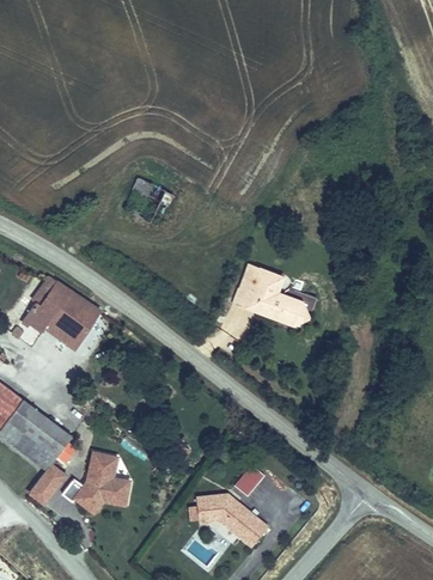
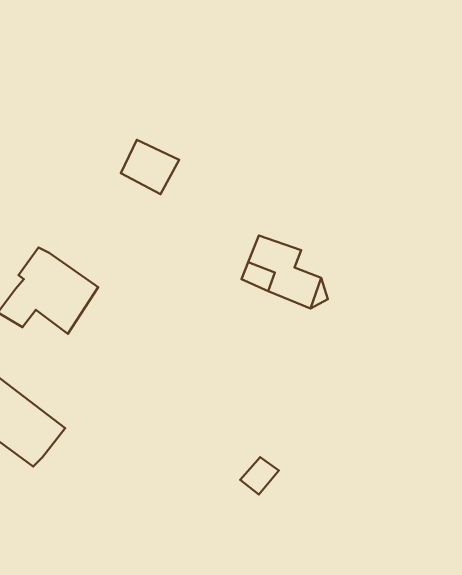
building: [61,450,132,515] -> none
building: [26,463,67,506] -> none
building: [195,493,270,549] -> none

